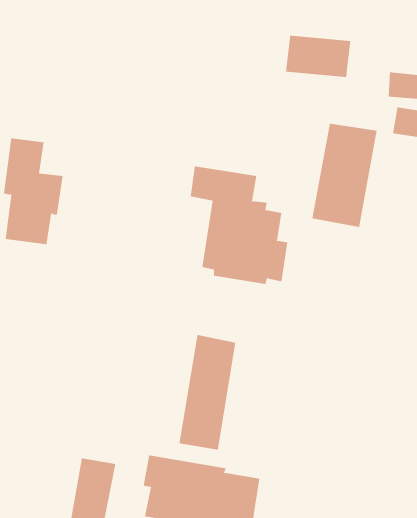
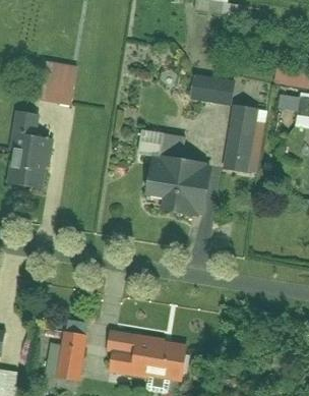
building: [285,35,351,78] -> [192,71,238,101]
building: none -> [40,57,81,103]
building: [179,334,236,450] -> none

